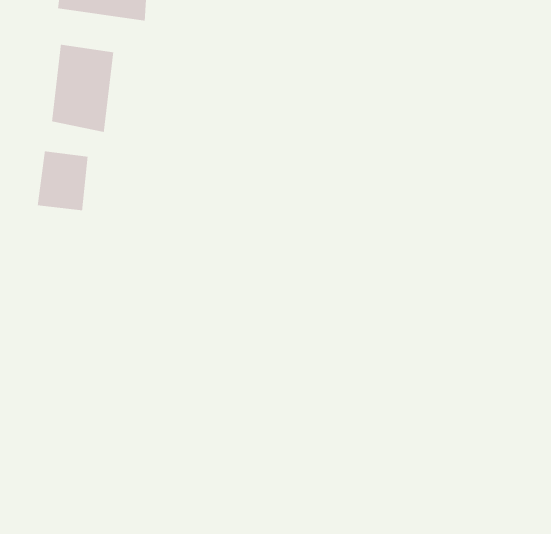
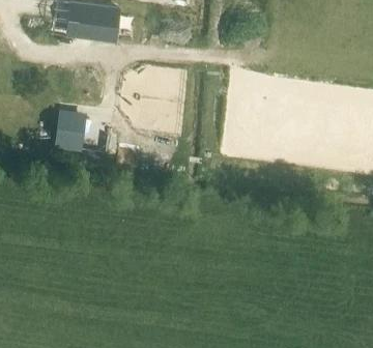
building: [51,44,114,133] -> none

